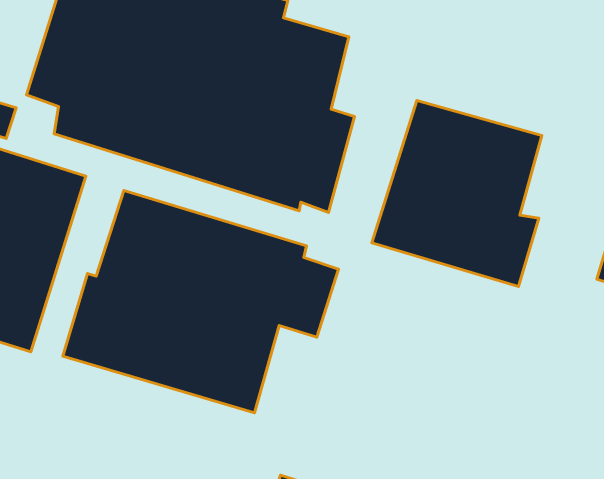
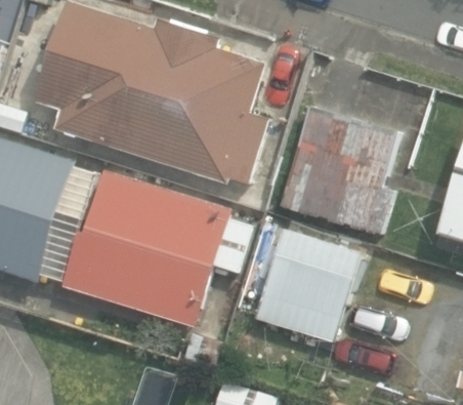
building: none -> [253,228,362,342]

